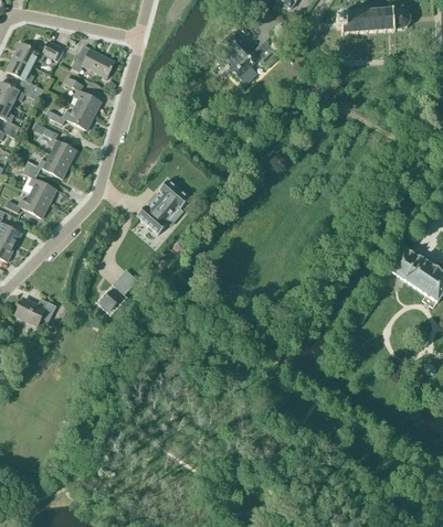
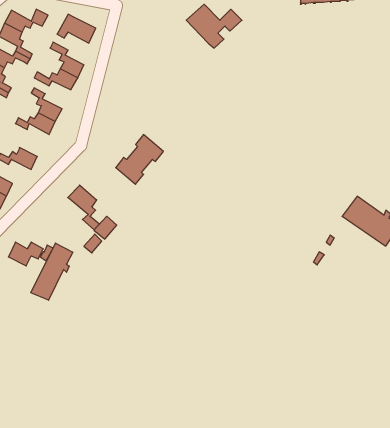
building: [21,166,56,203] -> none
building: none -> [68,185,99,230]
building: none -> [31,243,73,300]

